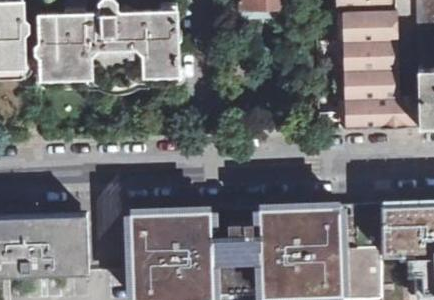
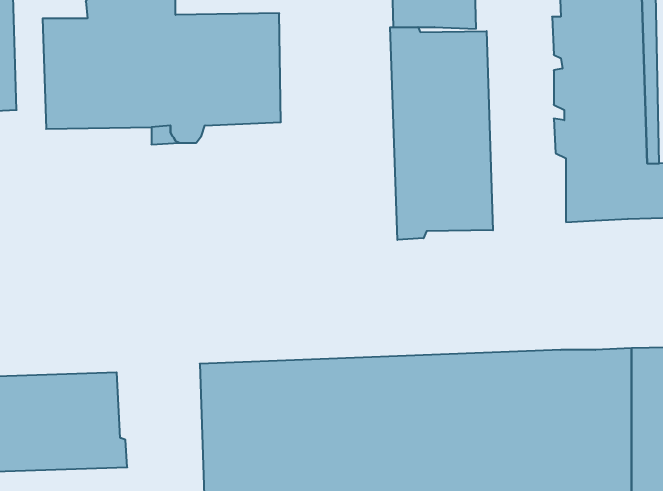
building: none -> [390,27,493,240]

